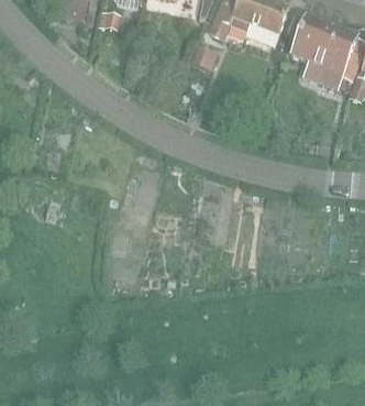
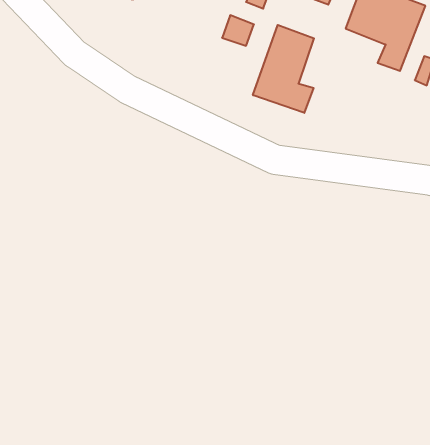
building: none -> [253,25,314,113]

